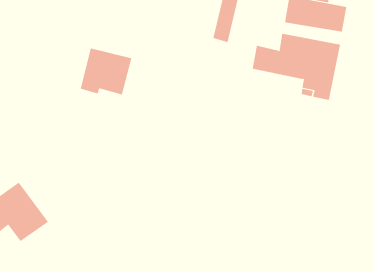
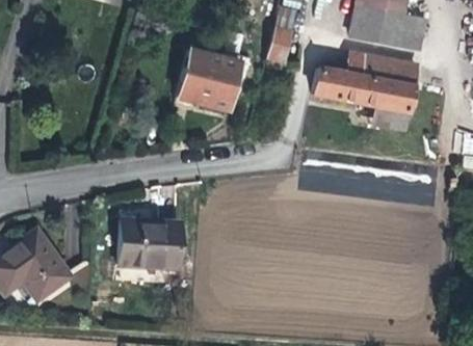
building: [80,48,132,95] -> [177,51,239,107]
building: none -> [119,218,180,270]

